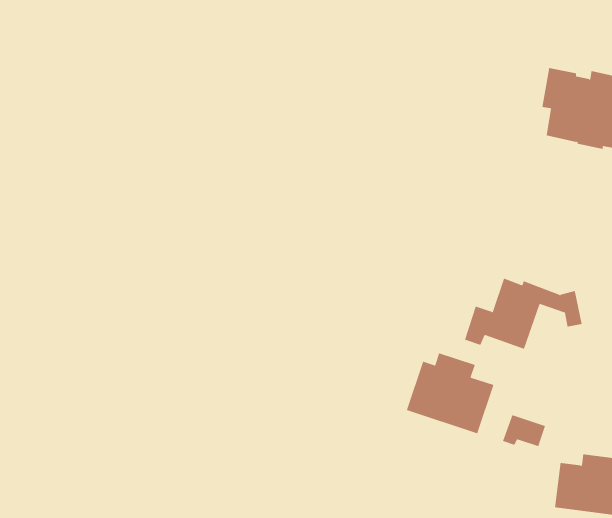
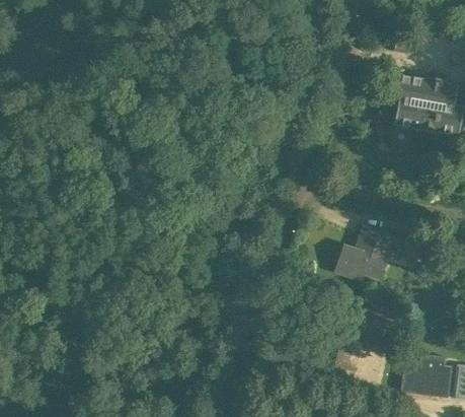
building: [406,353,494,434] -> none

